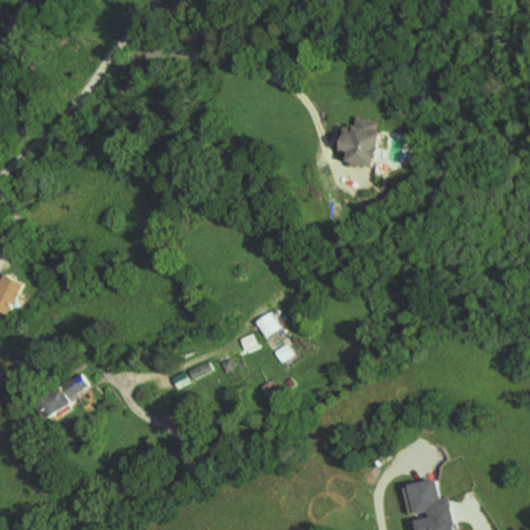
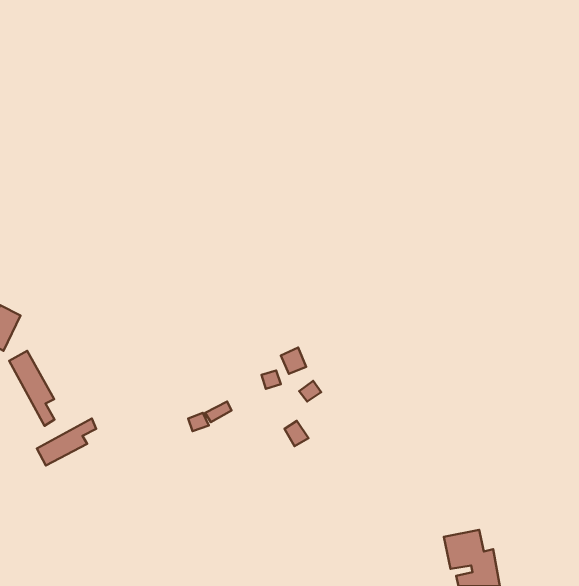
building: [338,118,379,168] -> none
building: none -> [9,351,55,426]

